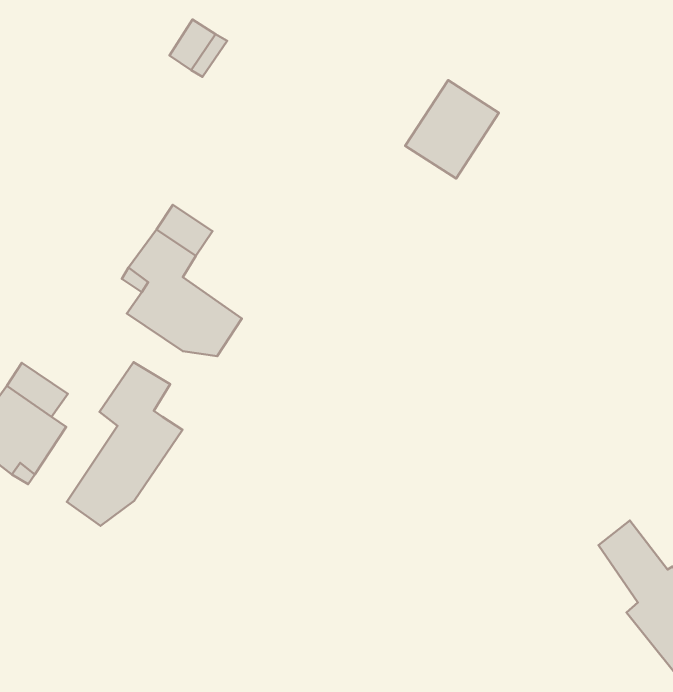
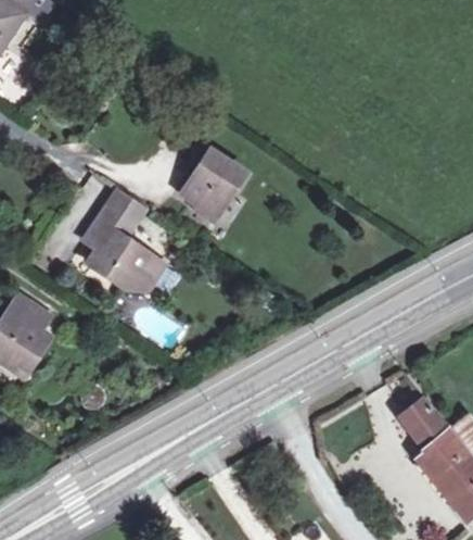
building: [405,80,499,179] -> [182,149,244,214]
building: [67,362,182,526] -> none

